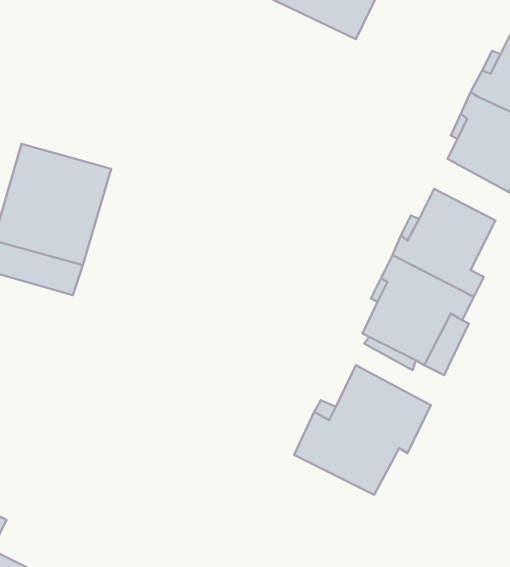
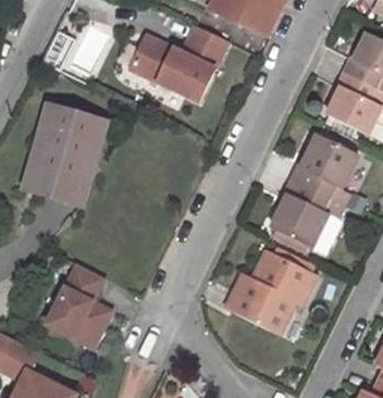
building: none -> [131,27,228,103]
building: none -> [46,263,109,344]

